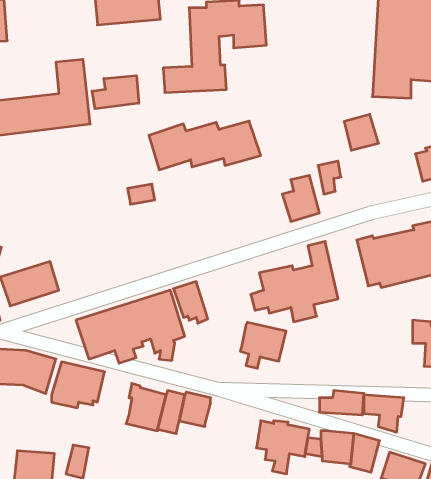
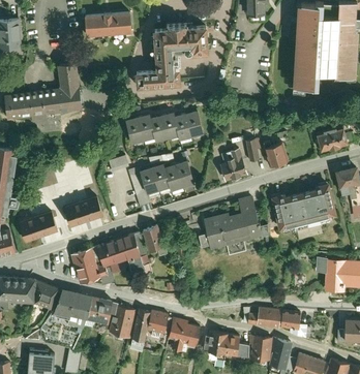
building: [92,76,139,109] -> none
building: [344,114,379,150] -> [264,144,289,169]
building: none -> [139,160,196,194]
building: none -> [63,197,103,229]
building: [240,322,286,368] -> [168,313,201,346]
building: none -> [87,291,113,318]

